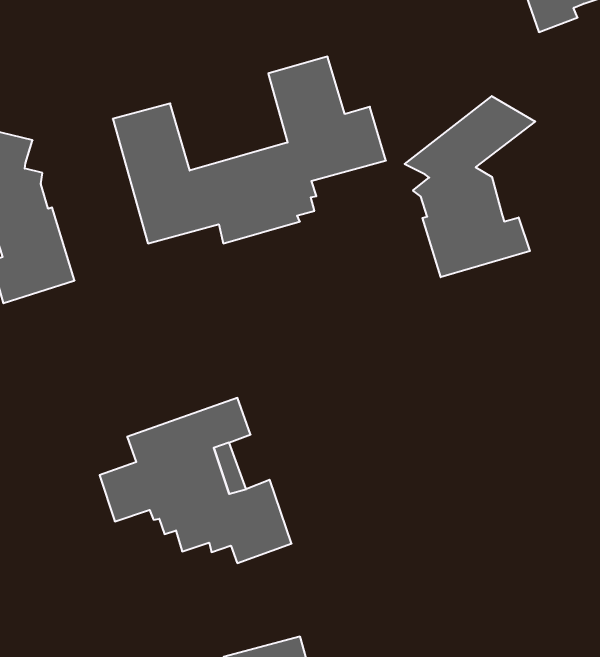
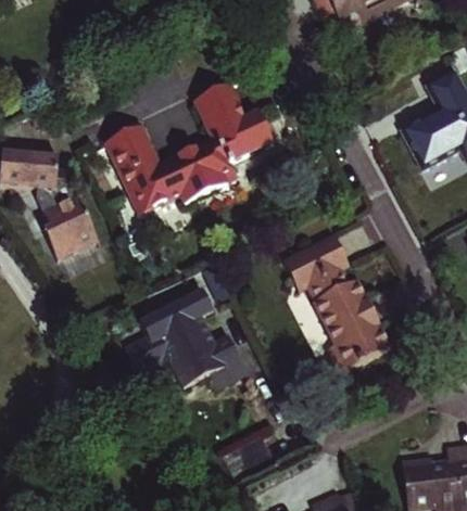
building: [405,96,535,277] -> none
building: none -> [280,237,390,375]

